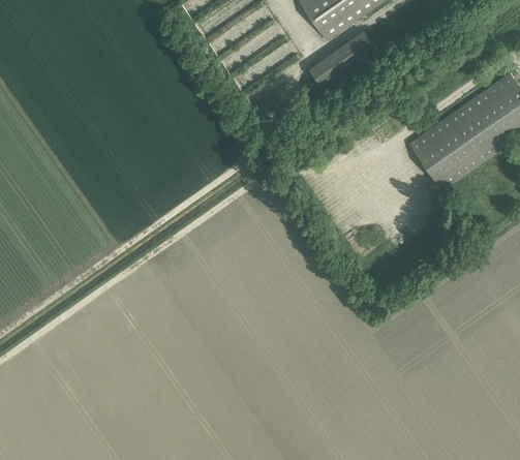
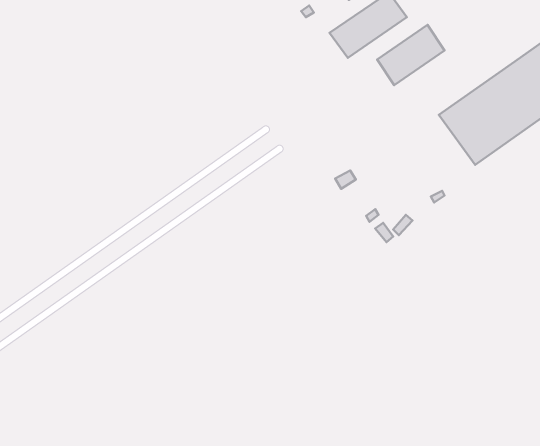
building: none -> [377,25,444,85]

